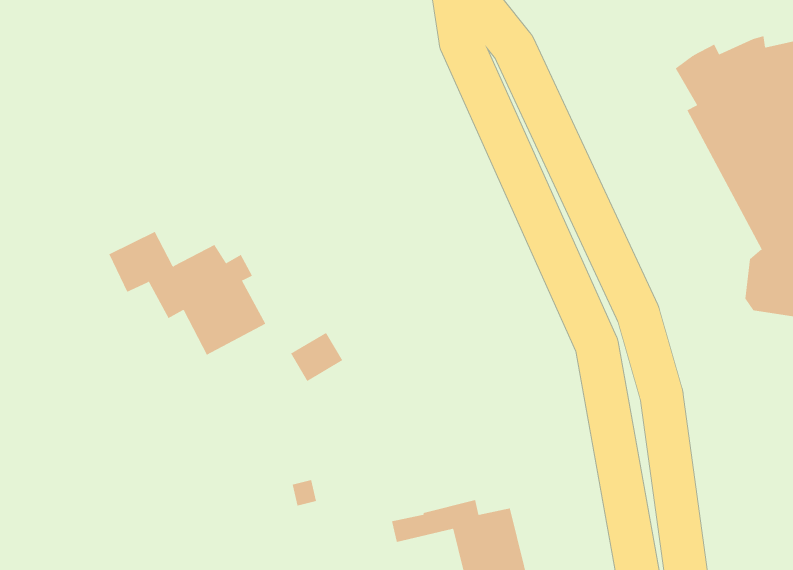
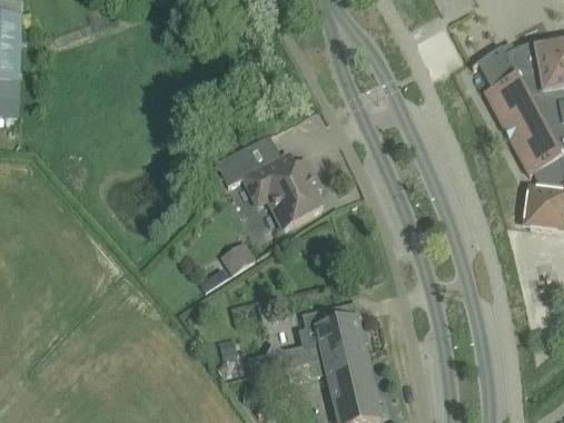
building: [109,231,266,355] -> [218,142,324,226]
building: none -> [249,304,367,374]

